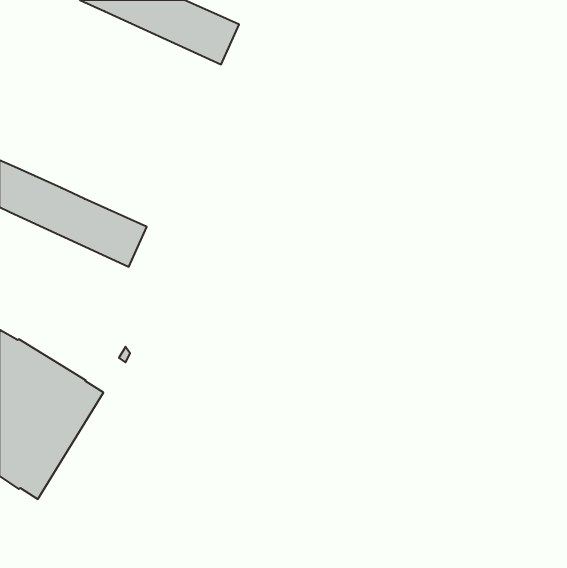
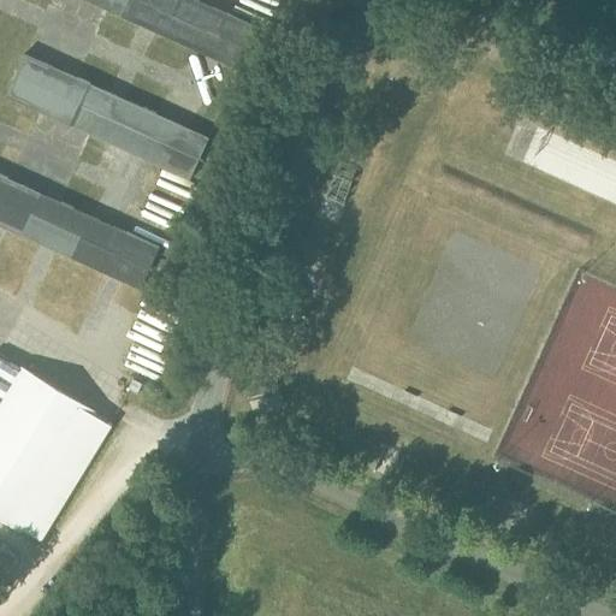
building: none -> [5,53,208,178]

